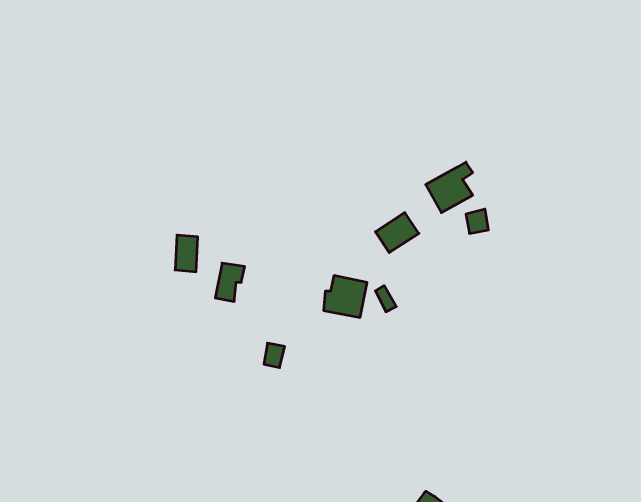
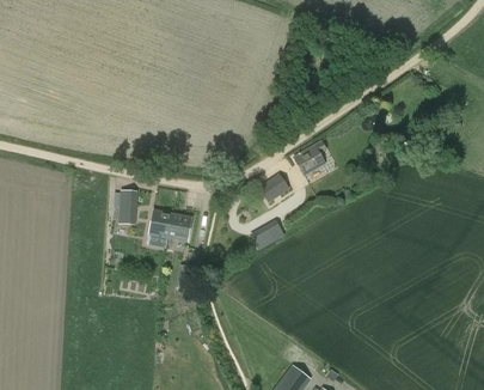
building: [324,276,367,317] -> [161,212,191,240]

